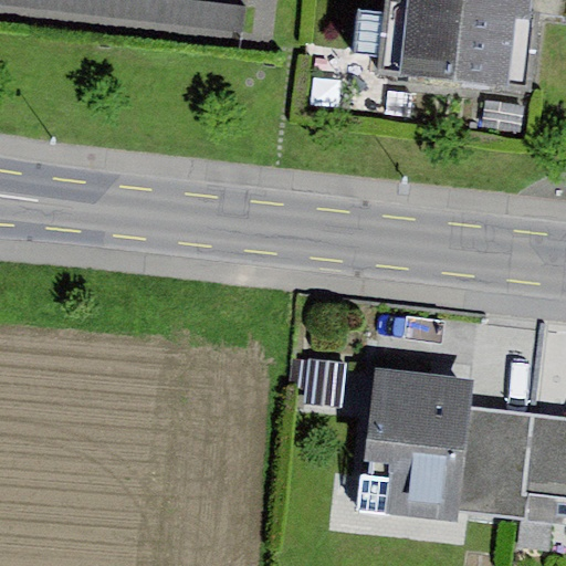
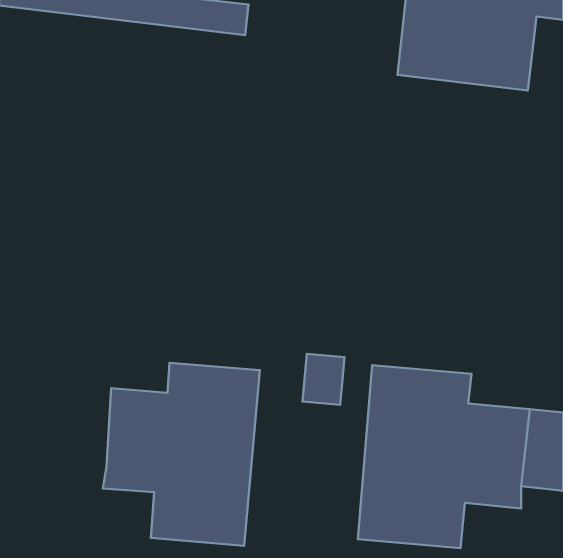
building: none -> [103,363,260,546]

